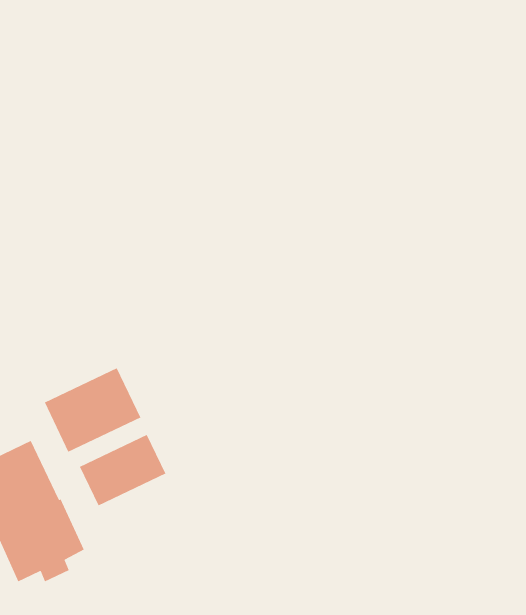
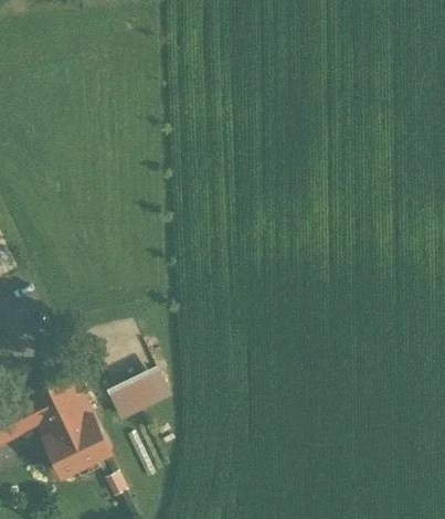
building: [44,367,141,453] -> none

